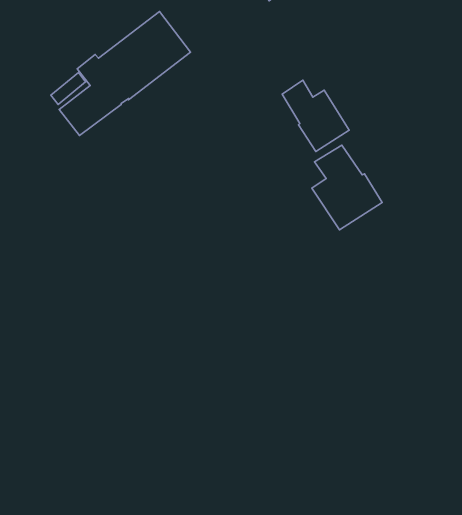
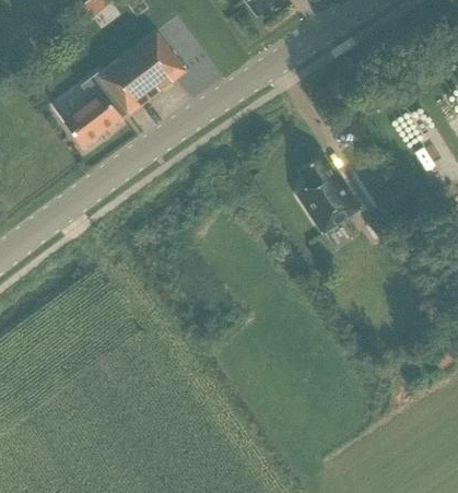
building: [282,80,349,152] -> none

